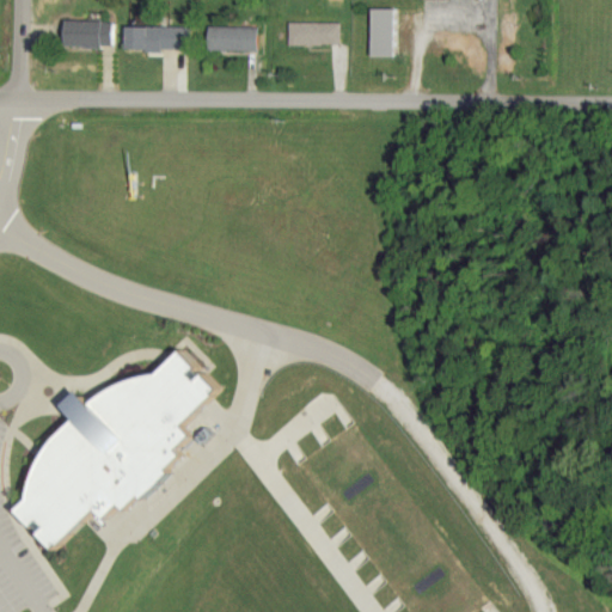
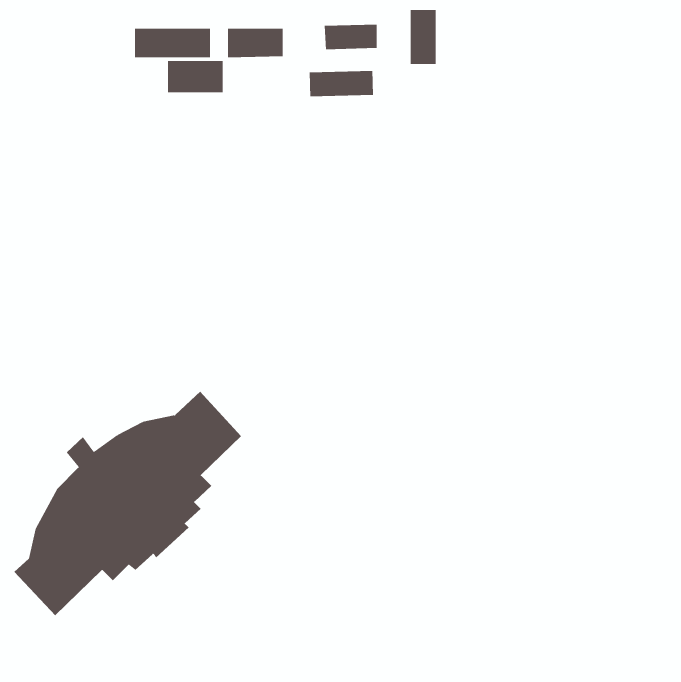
building: [59,19,109,48] -> [167,60,224,93]
building: none -> [309,70,374,97]

